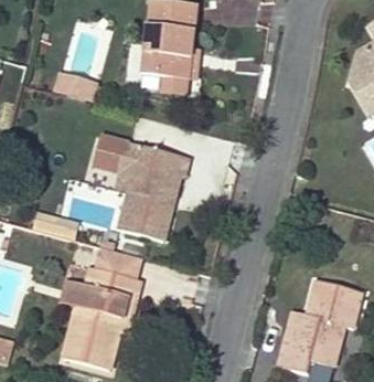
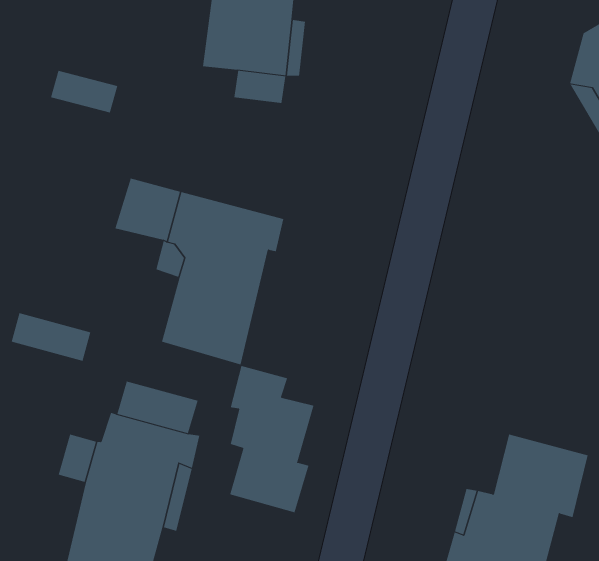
building: none -> [229,365,314,513]

